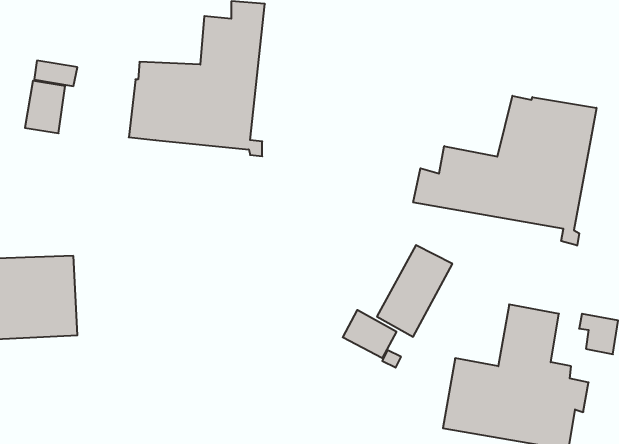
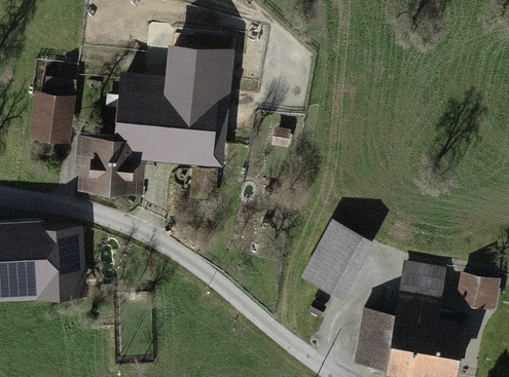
building: [413,96,596,246] -> none
building: none -> [78,137,136,193]
building: [343,310,396,358] -> none

